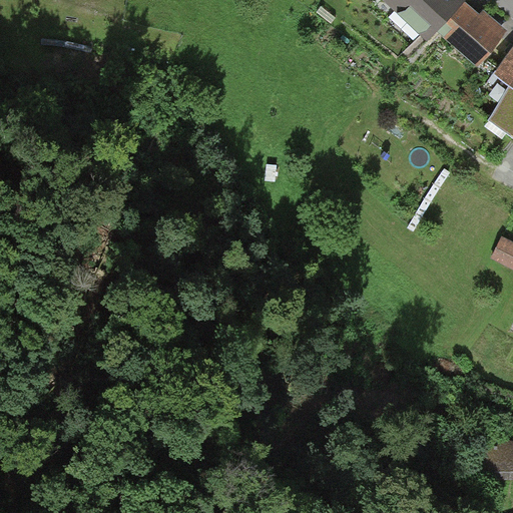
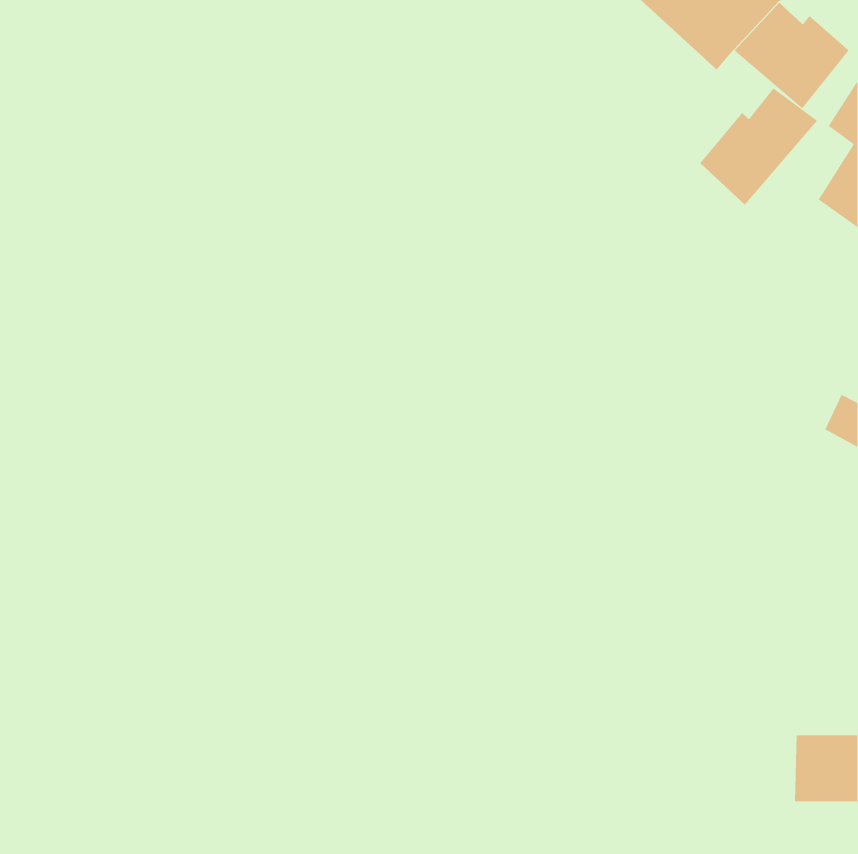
building: none -> [700,87,818,206]

